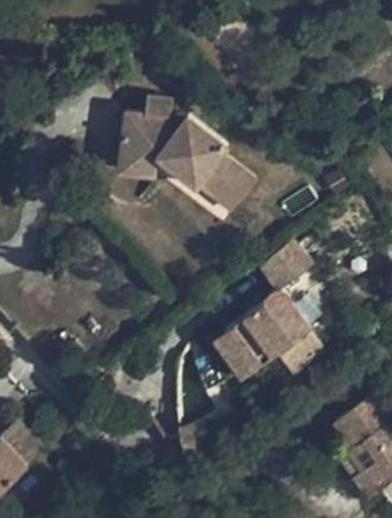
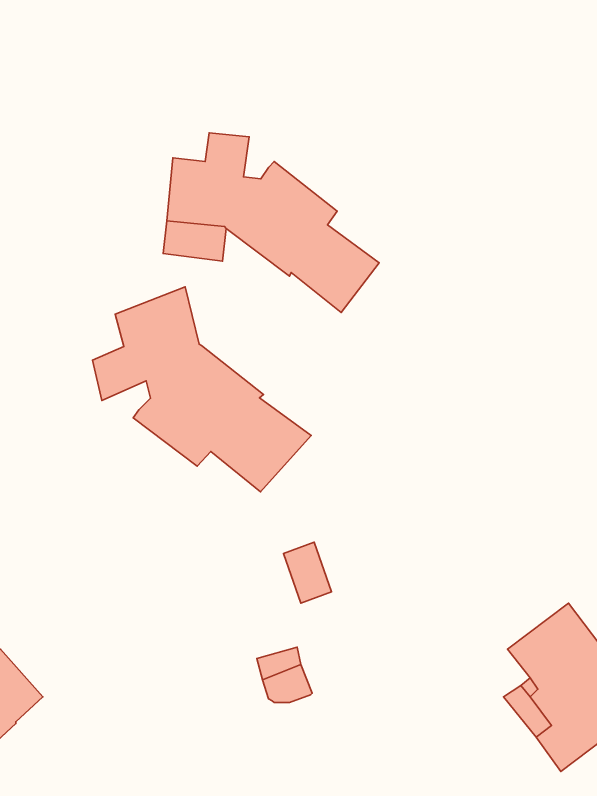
building: none -> [92,287,311,492]
building: [211,241,325,380] -> none

